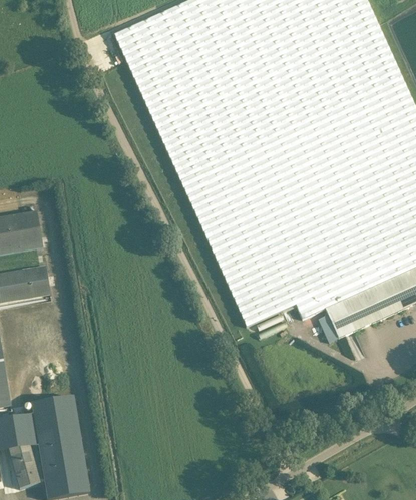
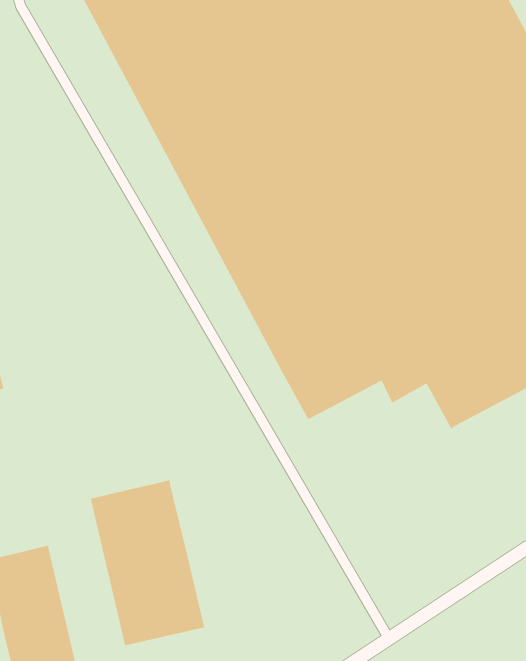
building: none -> [90,480,205,646]

